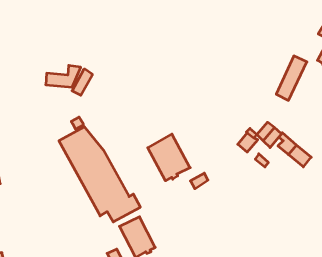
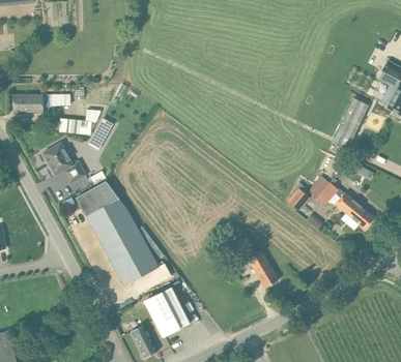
building: none -> [12,94,69,112]
building: none -> [44,141,85,184]
building: [148,134,190,181] -> none
building: none -> [247,250,278,288]

